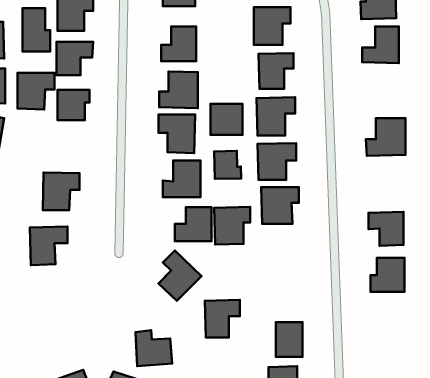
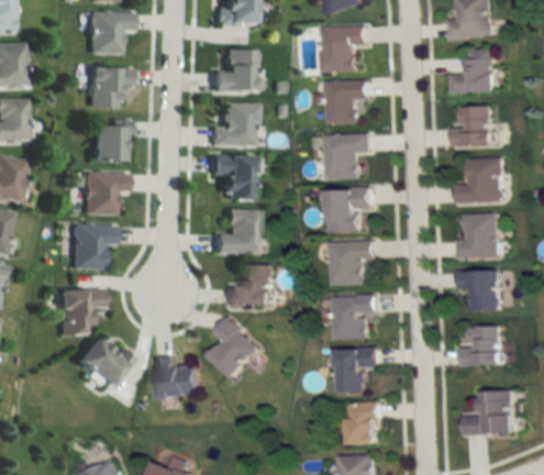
building: [23,8,50,51] -> none
building: [18,73,54,110] -> [81,170,125,214]
building: none -> [454,107,495,146]
building: [210,104,242,135] -> none
building: [214,151,241,179] -> none
building: none -> [458,213,500,258]
building: [214,207,250,245] -> [334,295,377,340]
building: none -> [73,335,127,387]
building: [205,300,240,337] -> [336,347,378,393]
building: none -> [463,390,514,434]
building: [135,330,172,366] -> [154,355,198,398]

